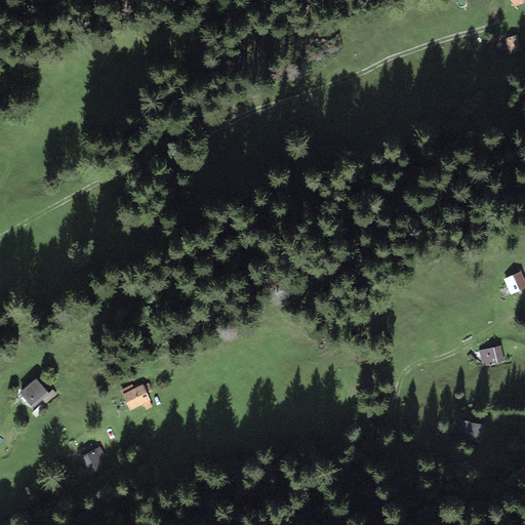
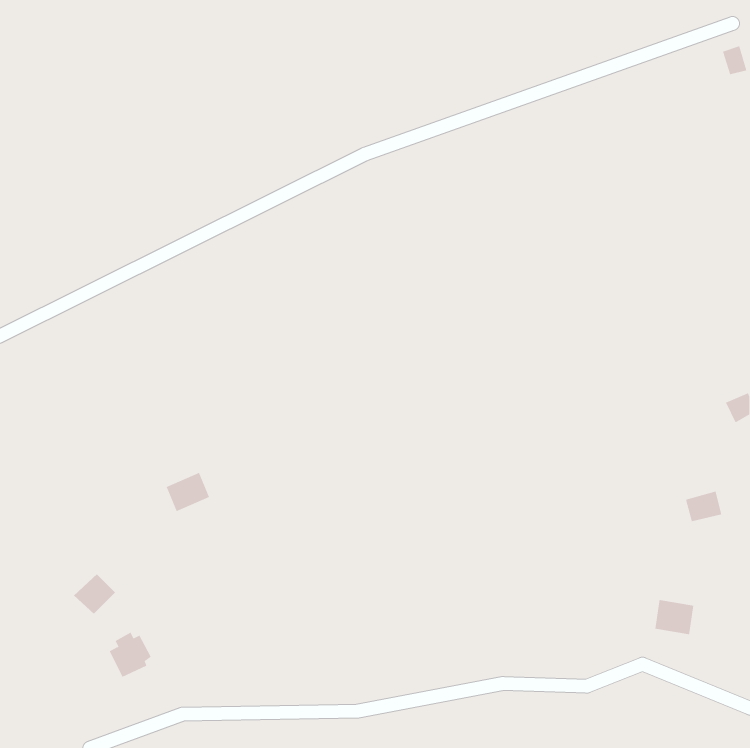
building: [22,380,51,409] -> [73,573,116,615]
building: [122,382,153,410] -> [166,472,210,512]

